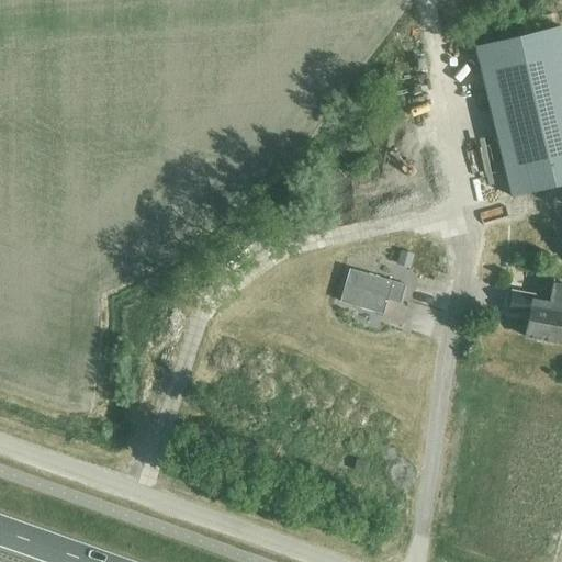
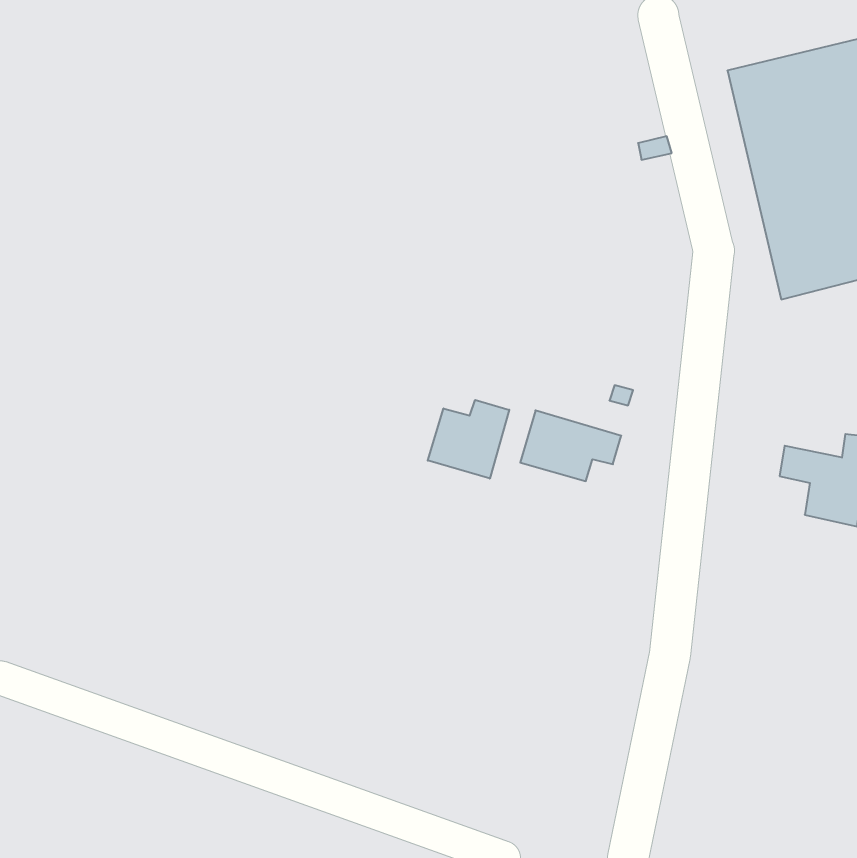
building: none -> [428,400,509,479]

